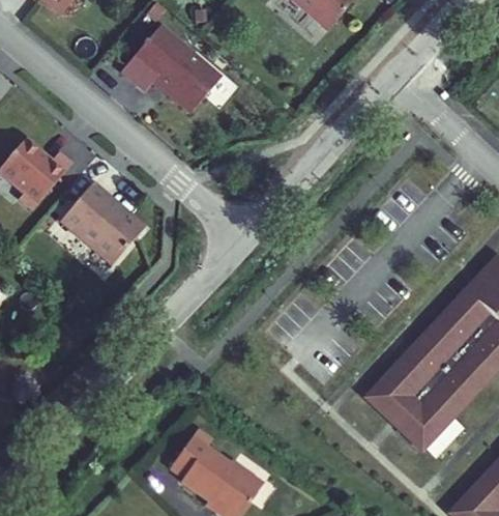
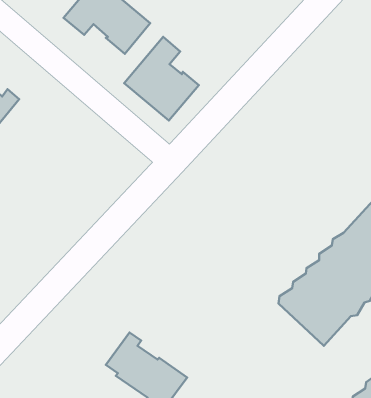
building: none -> [124,37,199,120]
building: [61,182,145,264] -> none

